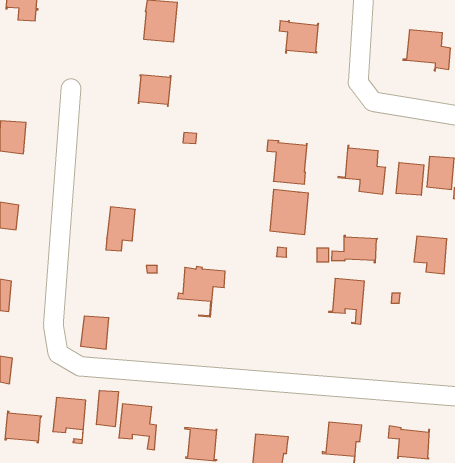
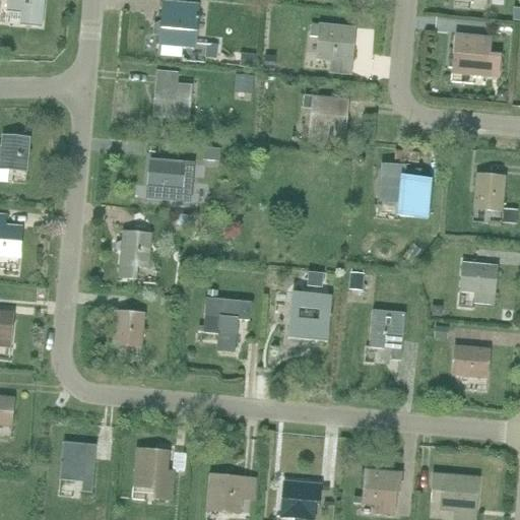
building: [267,140,307,184] -> [302,94,346,143]
building: none -> [146,158,193,200]
building: [396,162,424,195] -> none
building: [270,189,308,234] -> [287,290,330,340]
building: [332,235,377,263] -> none
building: none -> [452,345,489,377]
building: [81,316,109,349] -> [112,310,143,346]
building: [96,390,118,427] -> none
building: [5,411,41,443] -> none

